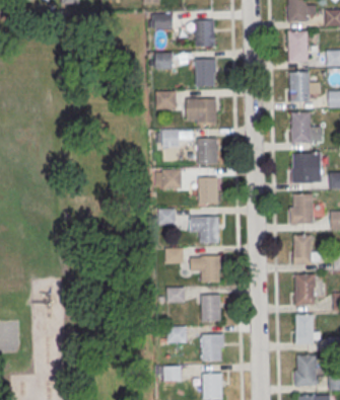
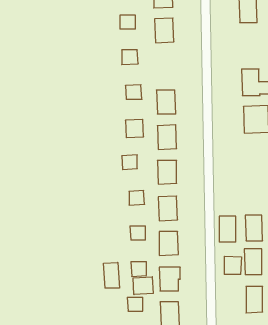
building: [290,74,311,104] -> none
building: [185,97,217,125] -> none
building: [294,195,314,225] -> none
building: [294,237,313,265] -> [219,216,236,242]
building: none -> [224,256,241,274]
building: none -> [104,262,119,288]
building: none -> [133,277,153,295]

